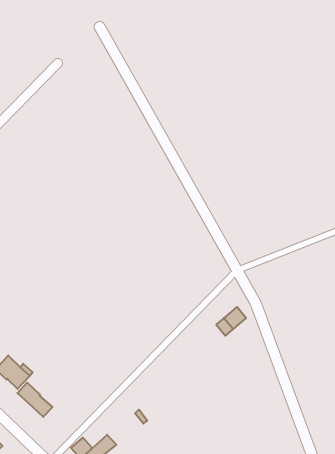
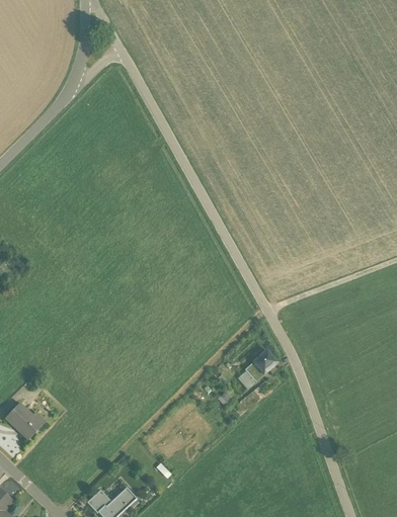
building: [17,383,52,417] -> none

